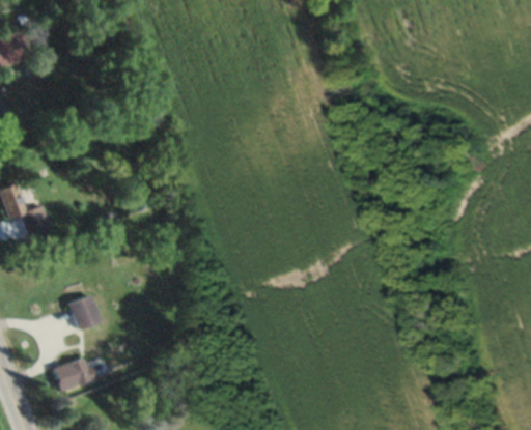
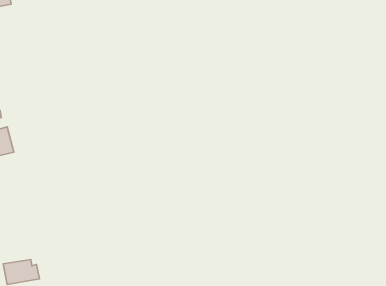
building: [66,295,99,333] -> none

